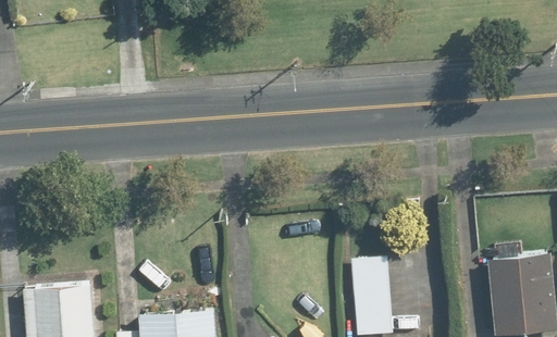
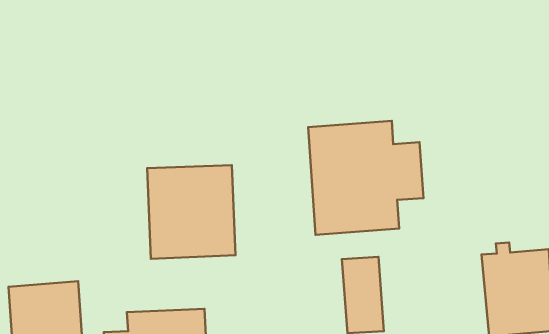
building: none -> [308,121,424,235]
building: none -> [147,165,236,259]

